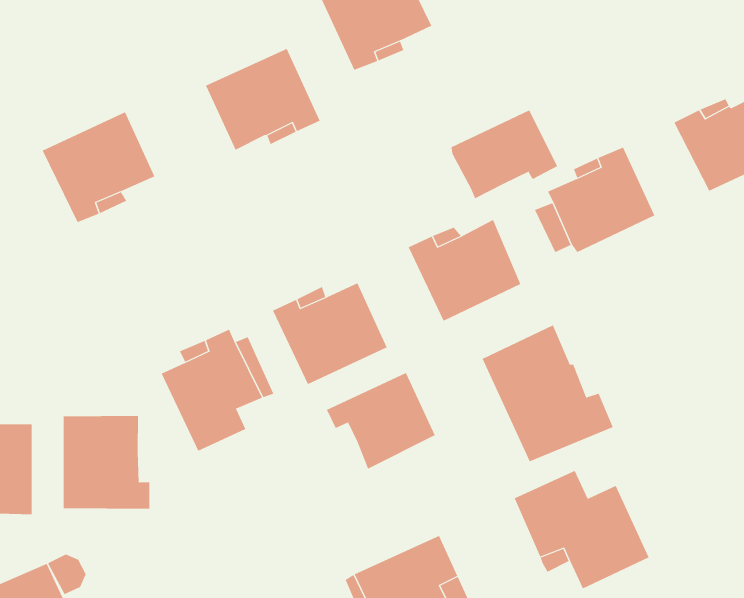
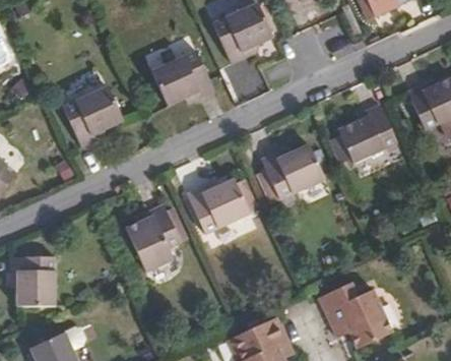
building: [451,109,558,199] -> none
building: [482,325,614,462] -> none
building: [326,372,436,469] -> none
building: [63,415,150,510] -> none

